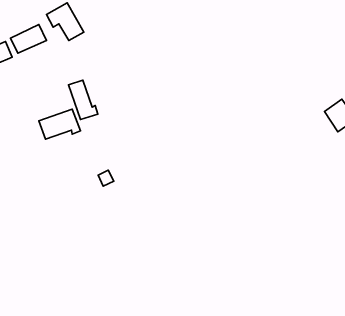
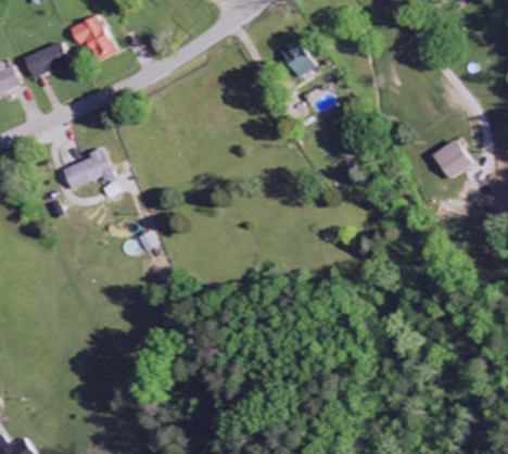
building: none -> [280,46,316,78]
building: [68,80,98,120] -> none

